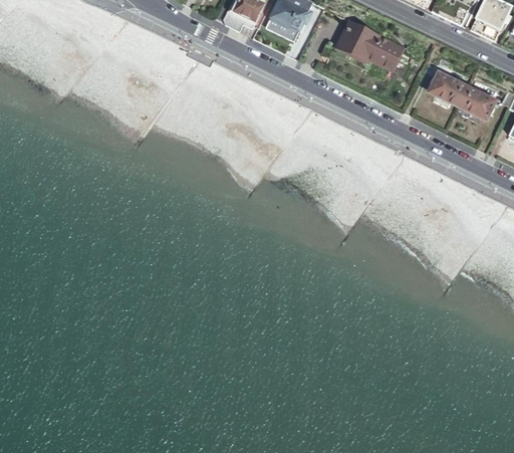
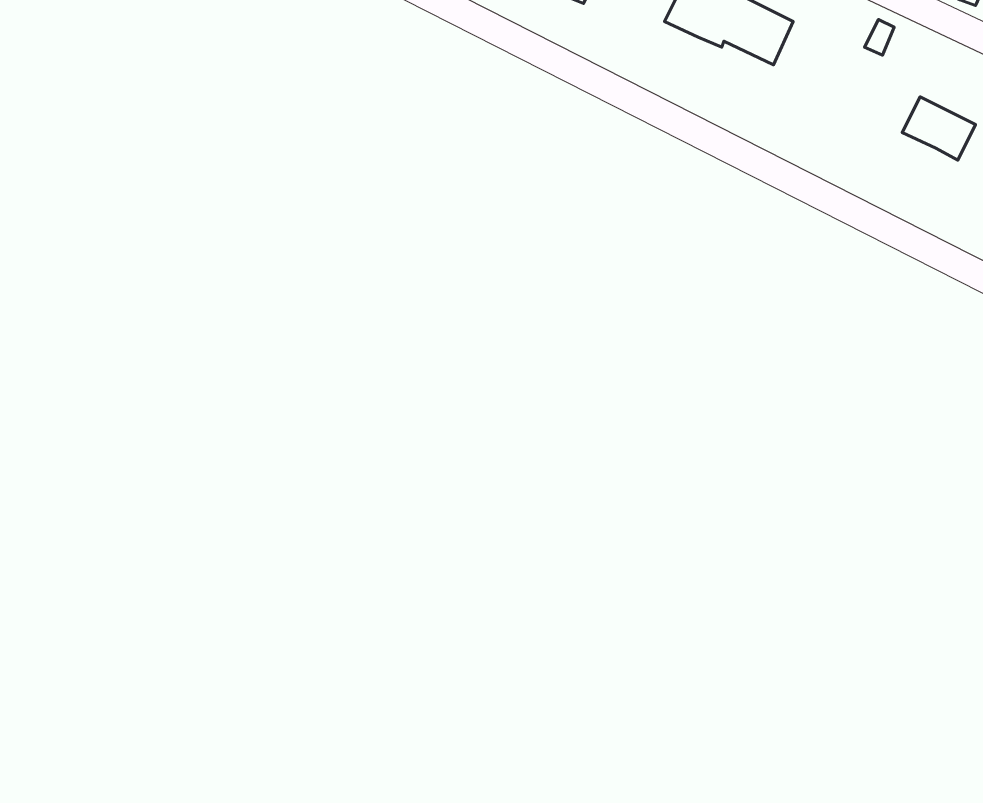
building: [430,71,467,103] -> none

